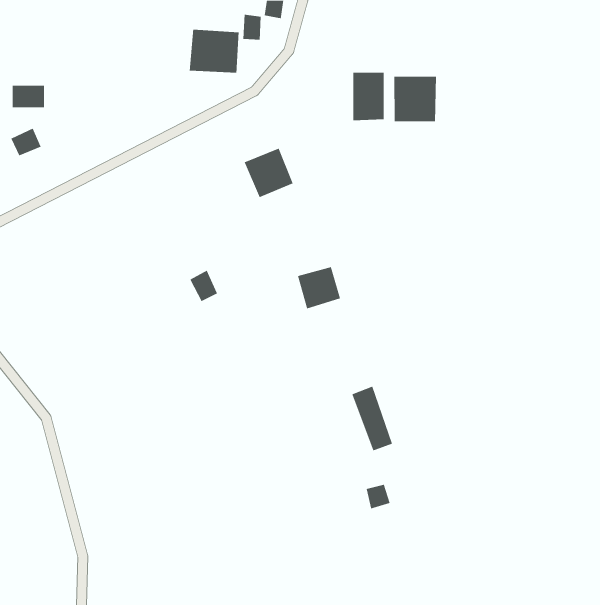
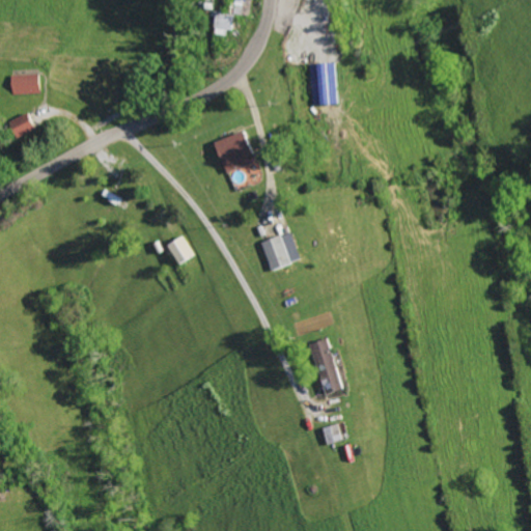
building: [189,29,239,74] -> none
building: [394,76,437,122] -> none

